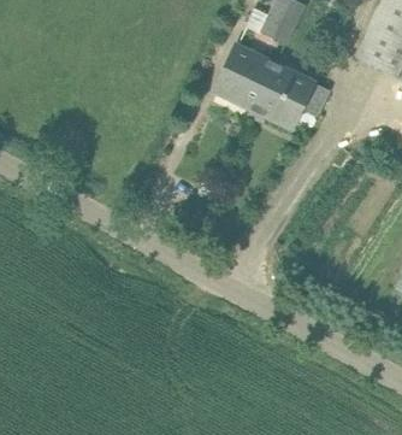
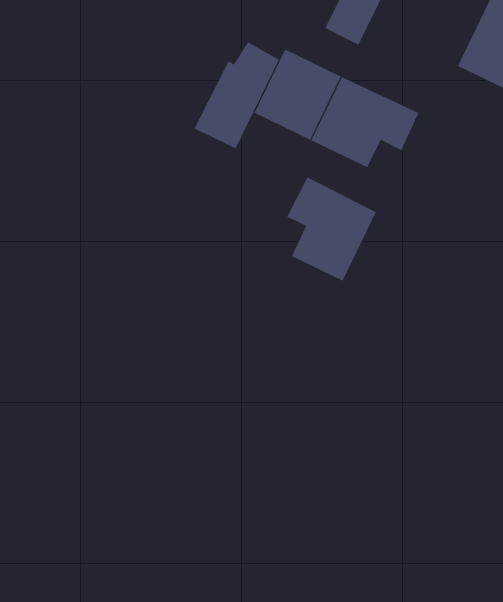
building: none -> [194,42,280,149]
building: none -> [286,177,376,282]

